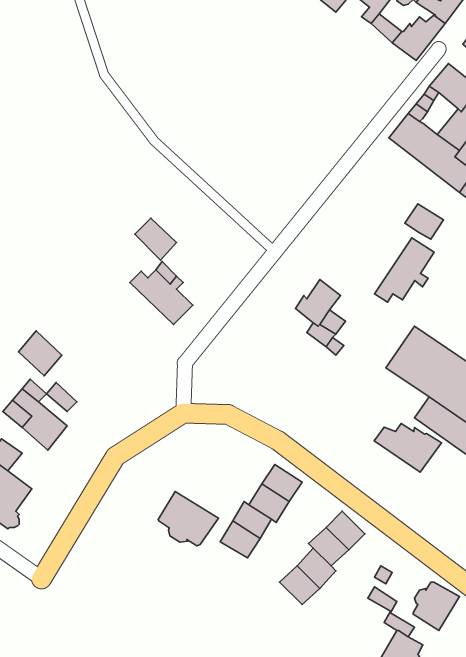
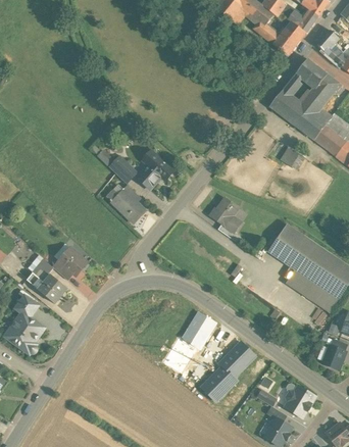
building: none -> [137,150,174,189]
building: [374,238,434,302] -> none
building: [18,331,62,376] -> [59,247,87,276]
building: [374,424,441,472] -> none
building: [158,491,218,546] -> none

